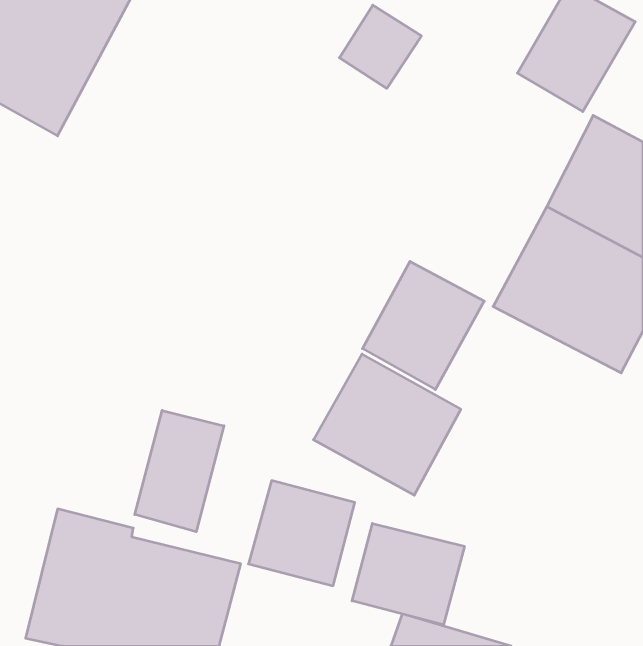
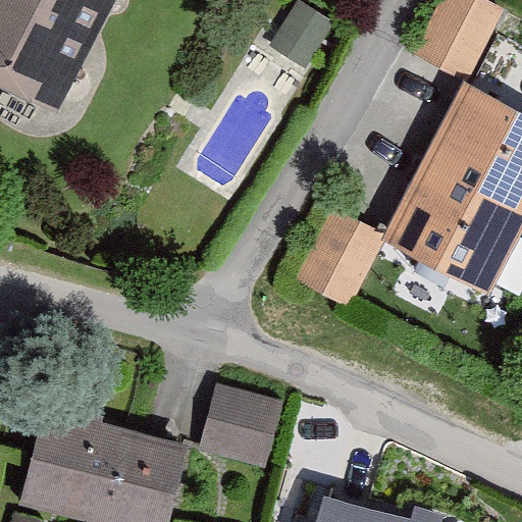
building: [313,354,461,495] -> none
building: [135,410,224,532] -> none
building: [352,523,464,625] -> none

